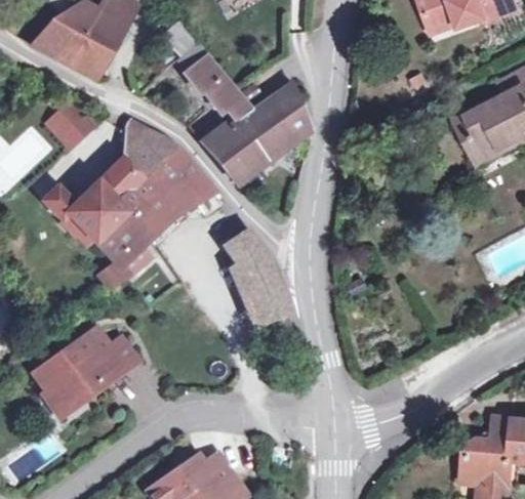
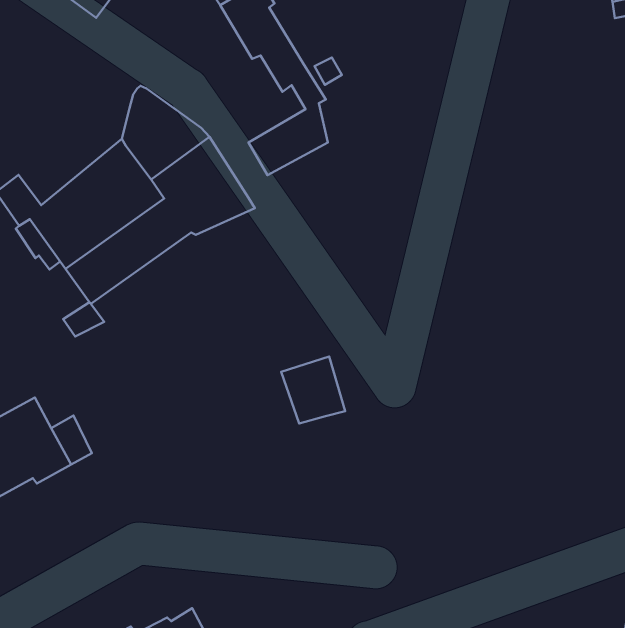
building: [221,82,312,184] -> none
building: [50,99,94,144] -> none
building: [231,231,278,291] -> none

